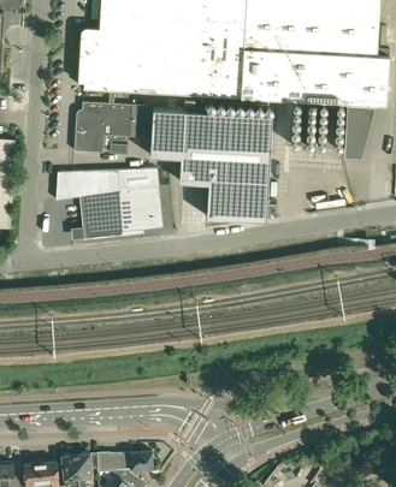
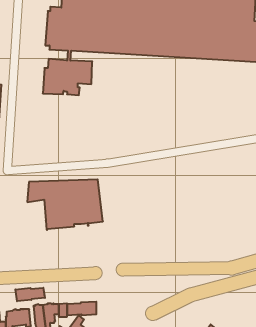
building: [150,107,272,219] -> none
building: [55,166,164,238] -> [27,179,103,230]
building: none -> [15,288,45,301]

